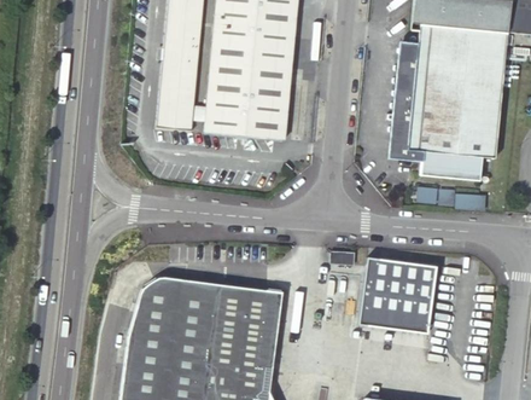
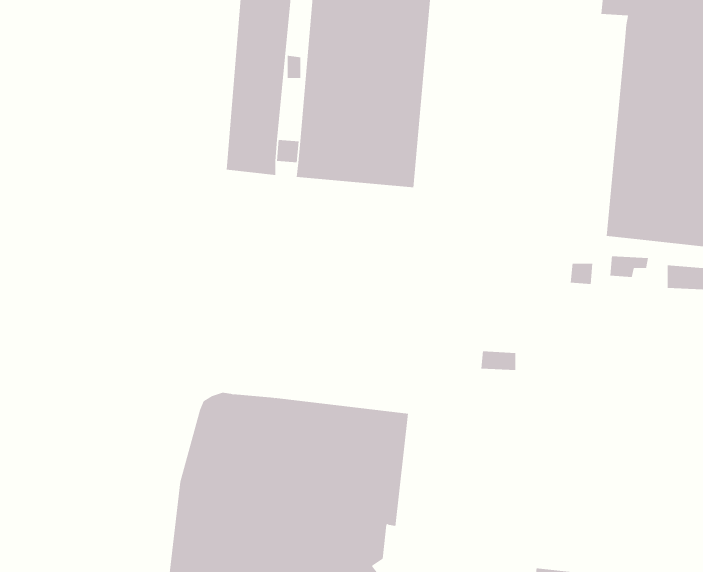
building: [387,41,426,161] -> none
building: [360,248,438,331] -> none

